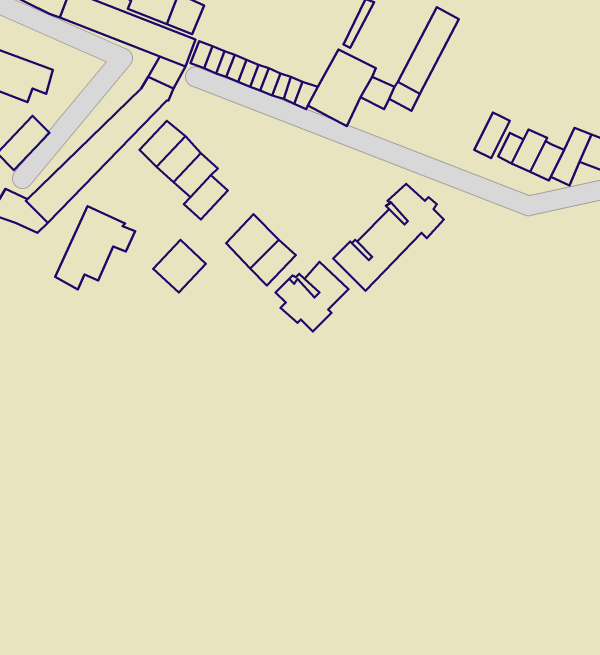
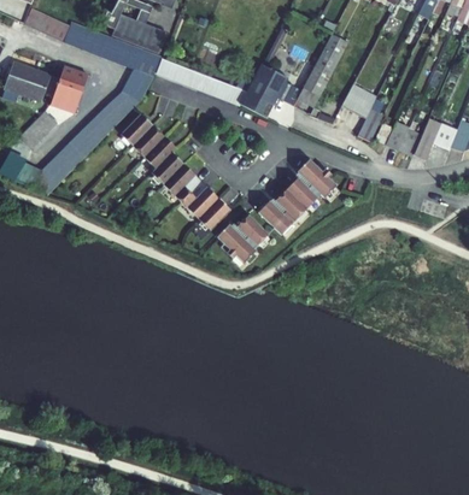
building: none -> [48,66,88,118]
building: none -> [341,83,377,118]
building: [55,206,135,289] -> none
building: [153,240,206,293] -> [164,164,201,201]

